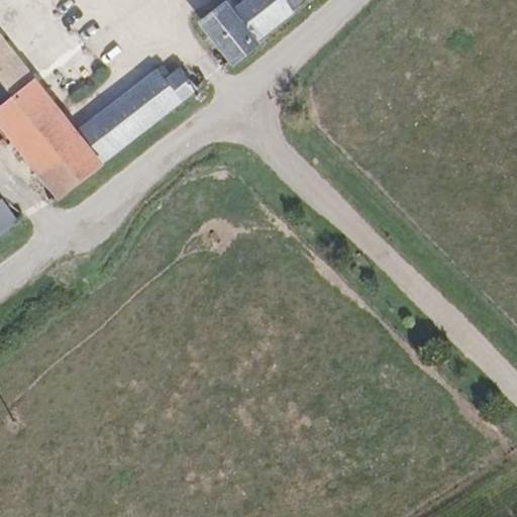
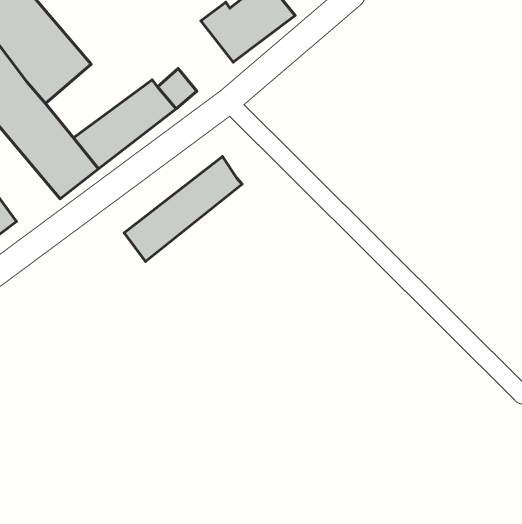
building: none -> [124,157,242,262]

